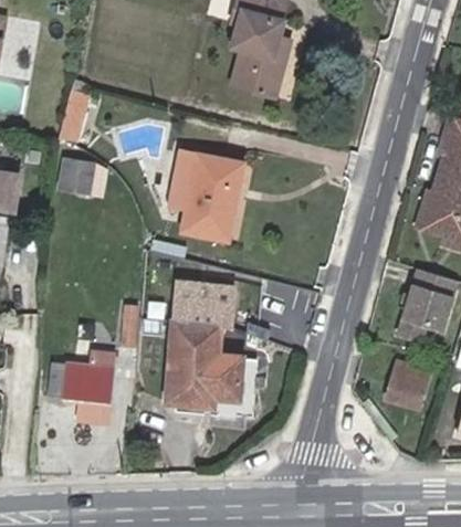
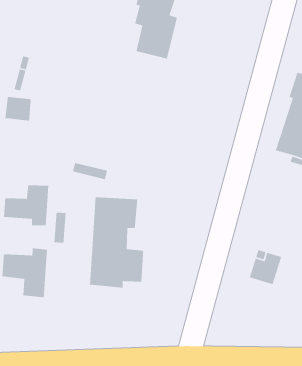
building: [174,154,243,244] -> none
building: none -> [3,185,49,226]
building: [395,270,453,342] -> none

